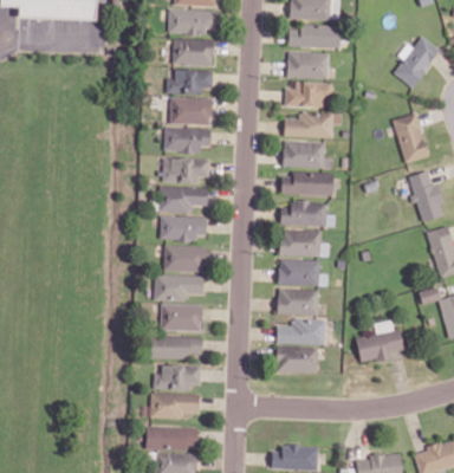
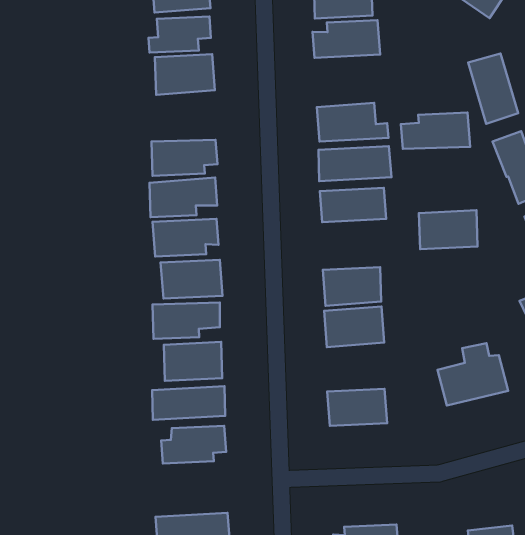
building: [285,112,333,138] -> [401,113,470,149]
building: [164,128,210,153] -> none
building: [279,229,322,257] -> [419,210,478,249]
building: [277,319,326,344] -> none
building: [150,393,200,419] -> none

